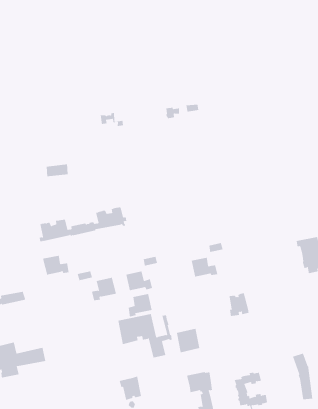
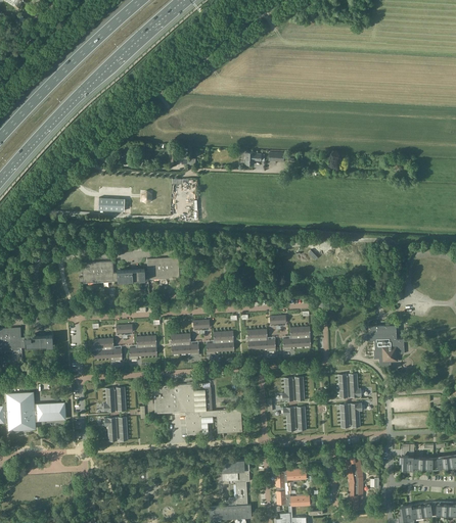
building: none -> [283,327,311,351]
building: [42,255,69,275] -> [93,339,122,361]
building: none -> [337,374,361,398]
building: [128,294,152,317] -> [207,332,234,355]
building: none -> [339,403,362,428]
building: none -> [283,407,307,431]
building: none -> [103,387,126,412]
building: [119,376,142,400] -> [104,417,128,442]

